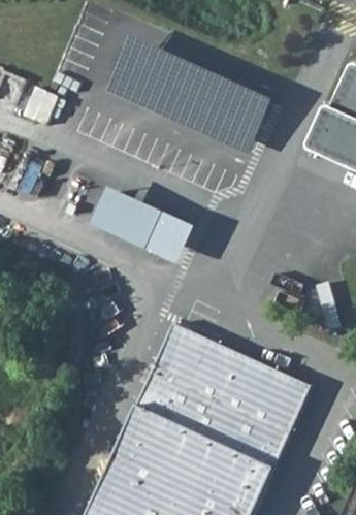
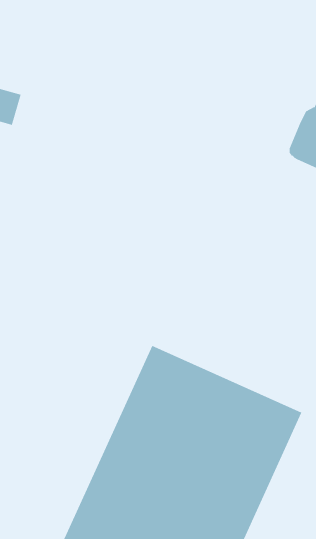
building: [103,38,267,153] -> none
building: [90,191,189,265] -> none

